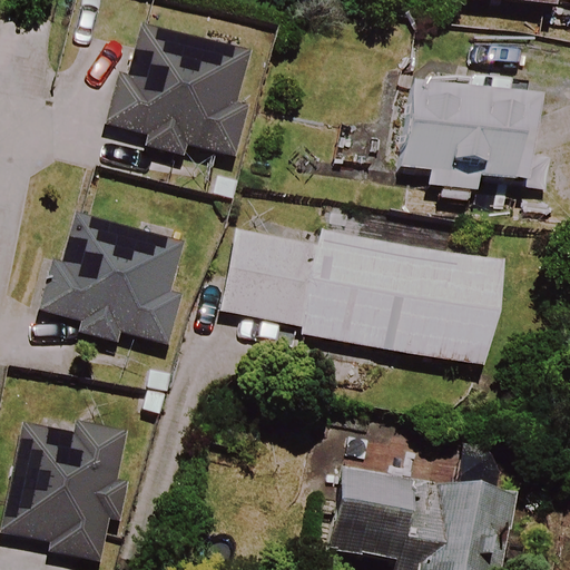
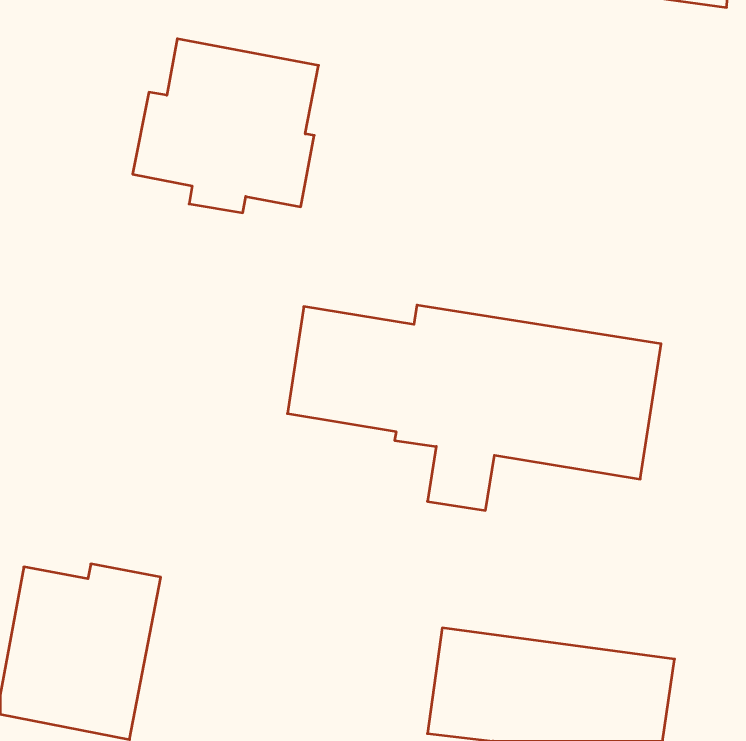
building: [397,80,539,187] -> none
building: [46,216,181,346] -> none

